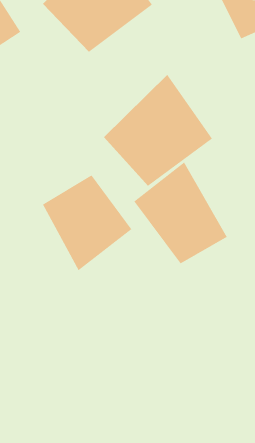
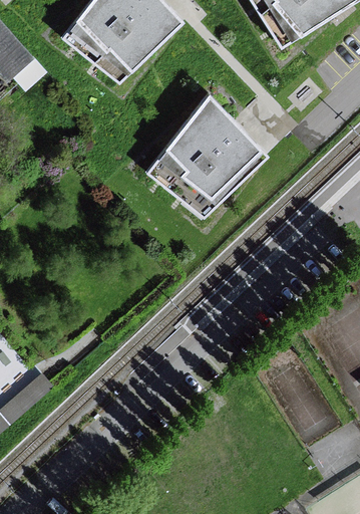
building: [134,161,228,264] -> none
building: [42,175,132,271] -> none

